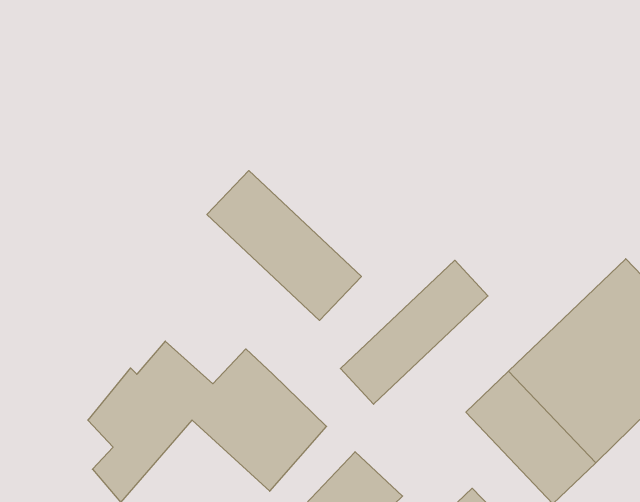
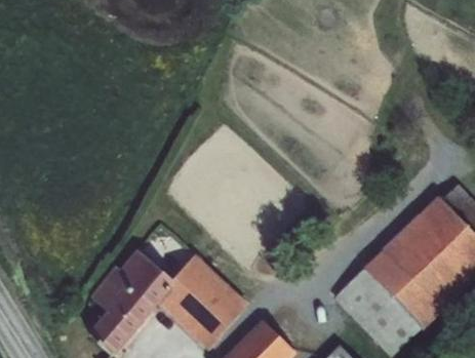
building: [207,171,361,320] -> none
building: [340,260,488,404] -> none

